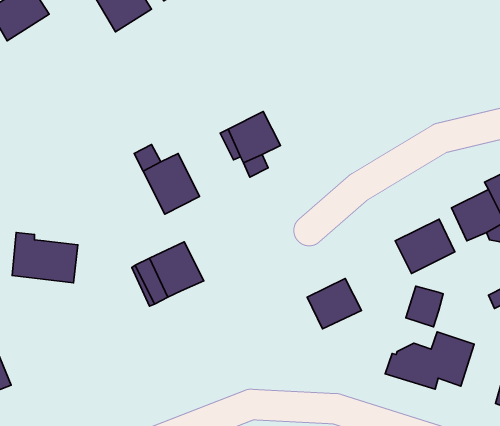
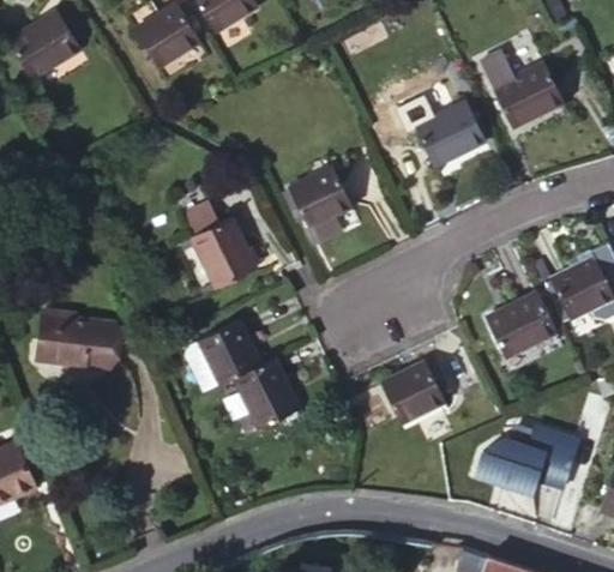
building: none -> [482,53,562,127]
building: none -> [416,103,483,165]
building: none -> [235,357,299,428]
building: [406,286,443,327] -> none

